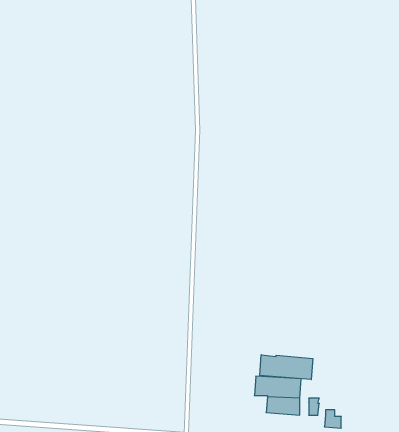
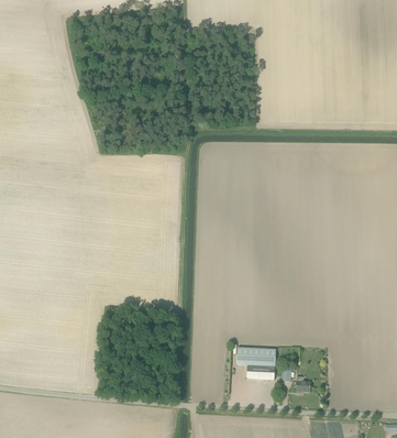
building: [260,355,313,380] -> none

